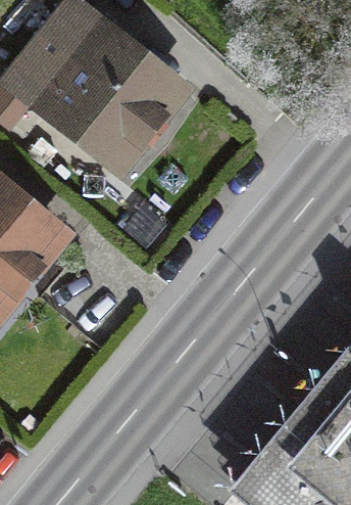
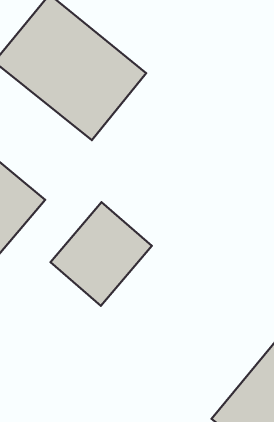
building: none -> [50,202,152,306]

